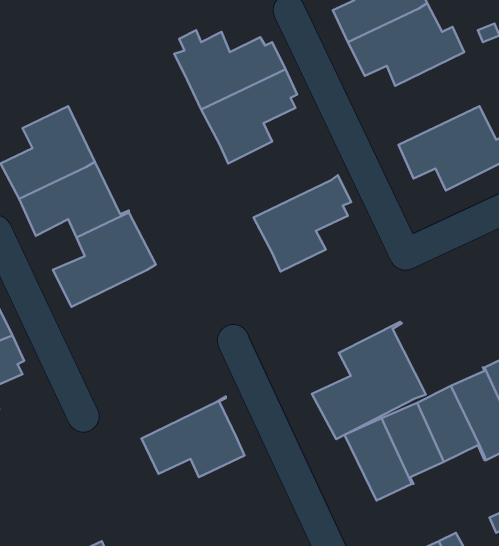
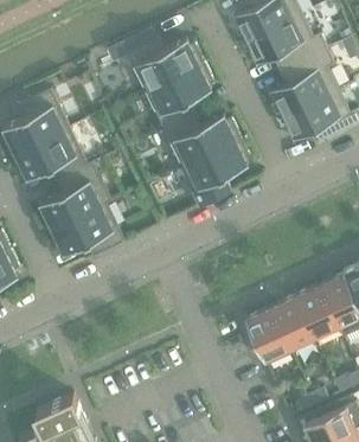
building: none -> [270,50,338,115]
building: none -> [161,113,238,166]
building: [312,322,426,439] -> none
building: [142,396,244,477] -> [51,199,123,256]

